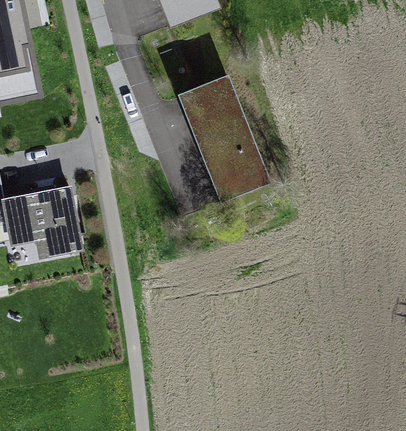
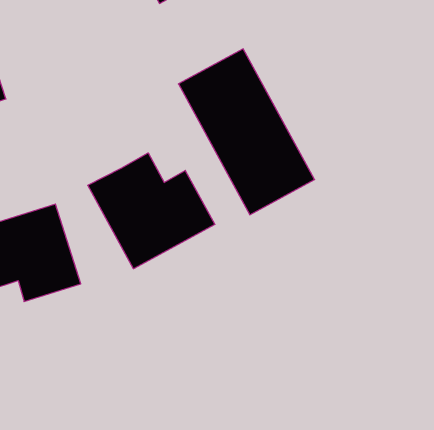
building: none -> [88,153,215,269]

